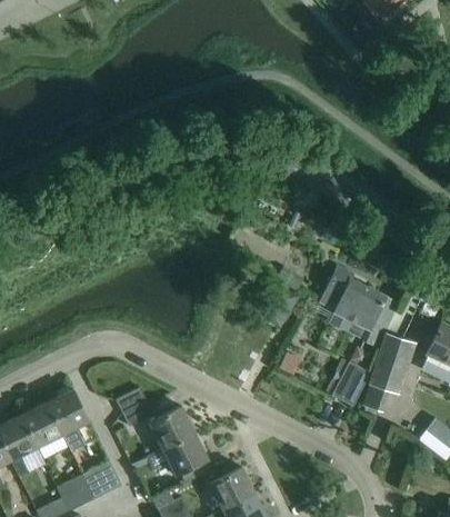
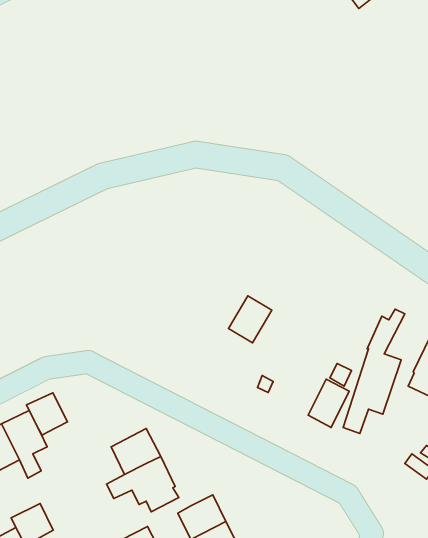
building: [320,266,398,347] -> none
building: [116,388,153,427] -> [26,393,67,435]
building: [83,461,122,499] -> none

